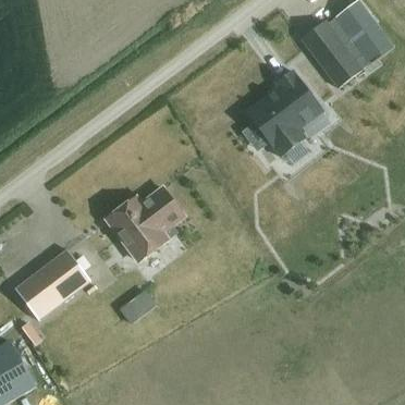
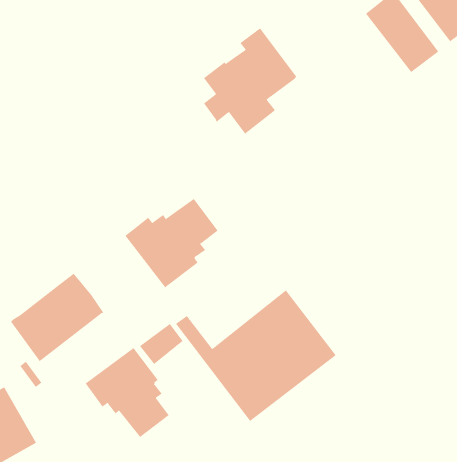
building: [246,71,322,157] -> [203,28,297,134]
building: none -> [175,289,336,422]
building: none -> [85,347,170,438]

